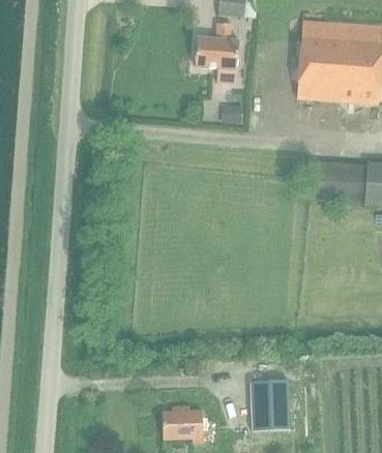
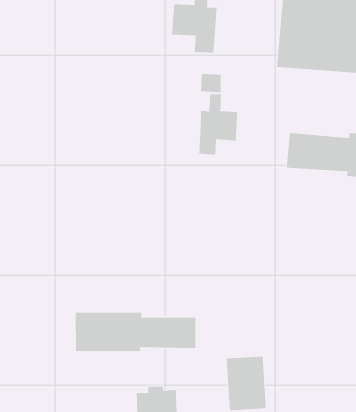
building: none -> [199,94,238,155]
building: none -> [75,312,196,352]

